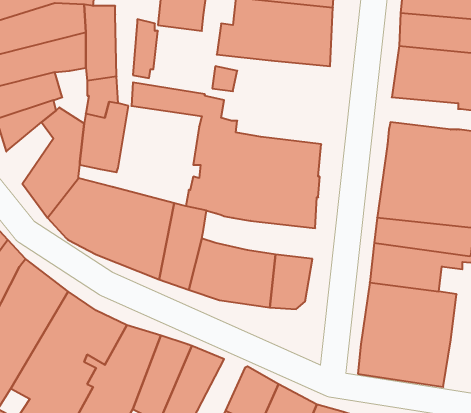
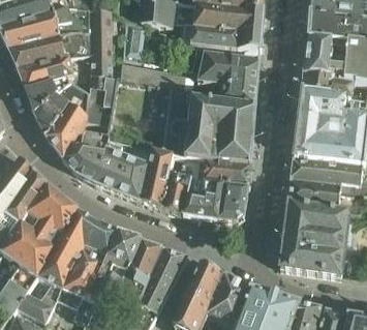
building: none -> [197,51,259,106]
building: none -> [303,72,353,95]
building: none -> [33,90,66,133]
building: none -> [171,155,250,186]

